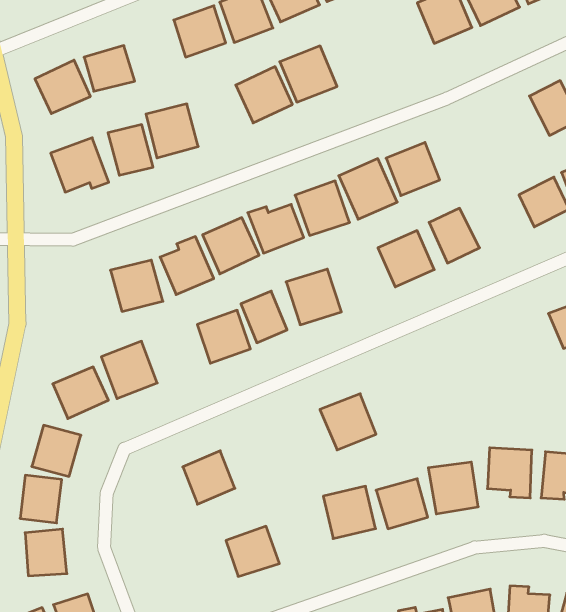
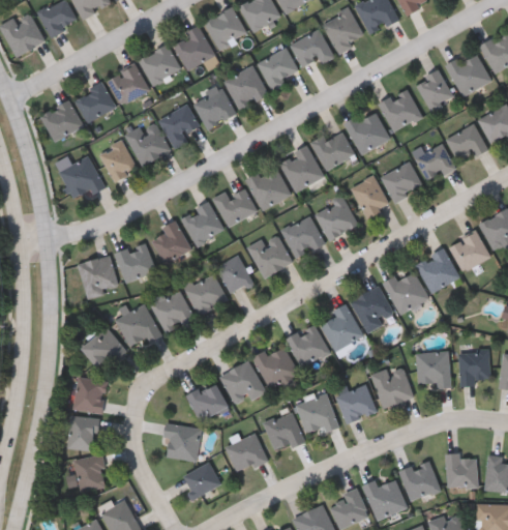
building: none -> [290,29,333,65]
building: none -> [107,64,149,105]
building: none -> [257,49,297,92]
building: none -> [158,104,198,148]
building: none -> [378,88,421,130]
building: none -> [343,108,389,154]
building: none -> [380,160,423,202]
building: none -> [280,215,325,259]
building: none -> [77,255,119,298]
building: none -> [415,248,459,293]
building: none -> [149,288,193,333]
building: none -> [383,268,428,315]
building: none -> [350,286,395,332]
building: none -> [320,303,363,351]
building: none -> [253,343,298,389]
building: none -> [219,360,264,406]
building: none -> [163,422,202,461]
building: none -> [263,411,304,453]
building: none -> [182,461,221,498]

